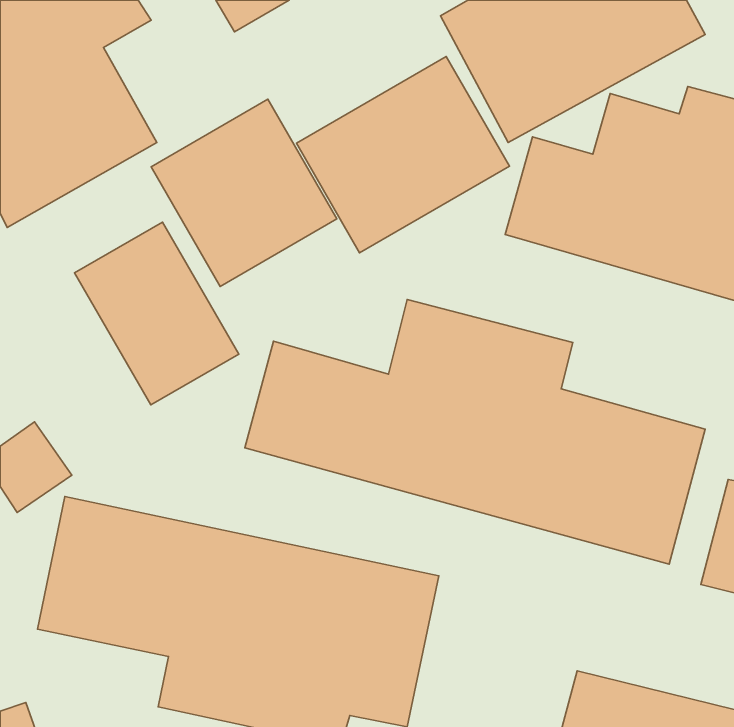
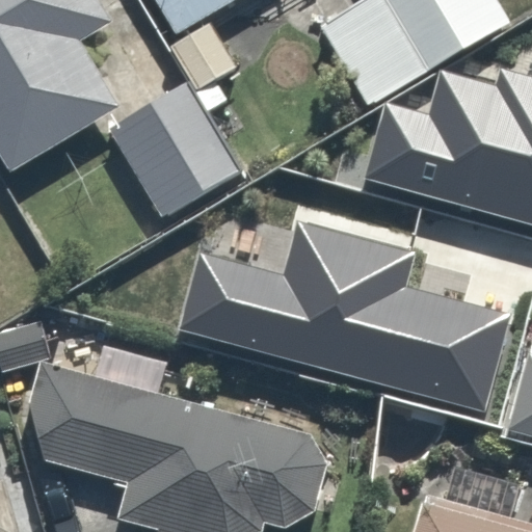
building: [296,57,509,253] -> none
building: [75,222,239,405] -> none

